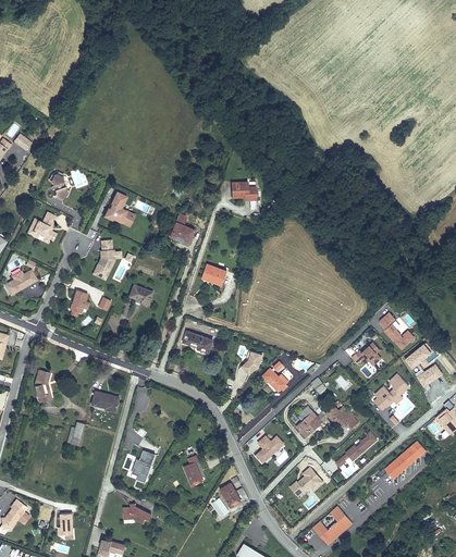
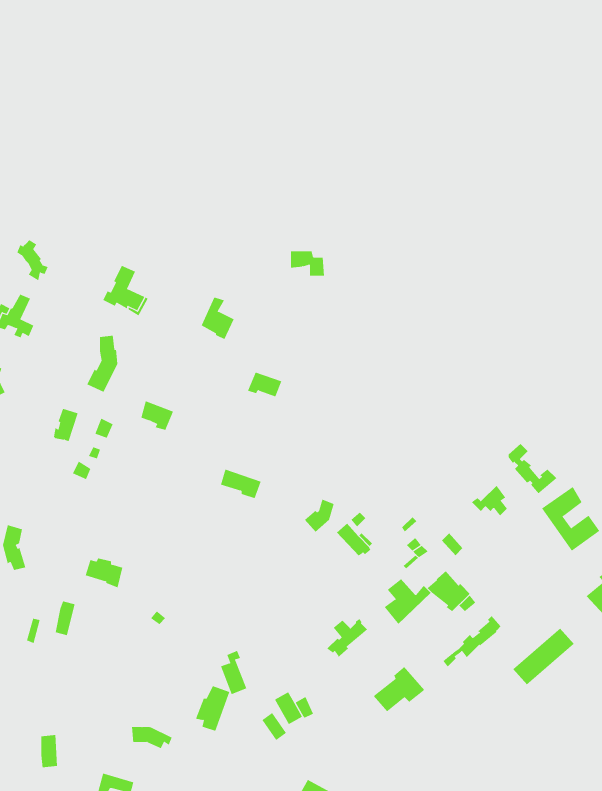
building: [374,374,409,411] -> none
building: [132,451,156,483] -> [195,685,230,732]
building: [313,507,353,545] -> none

